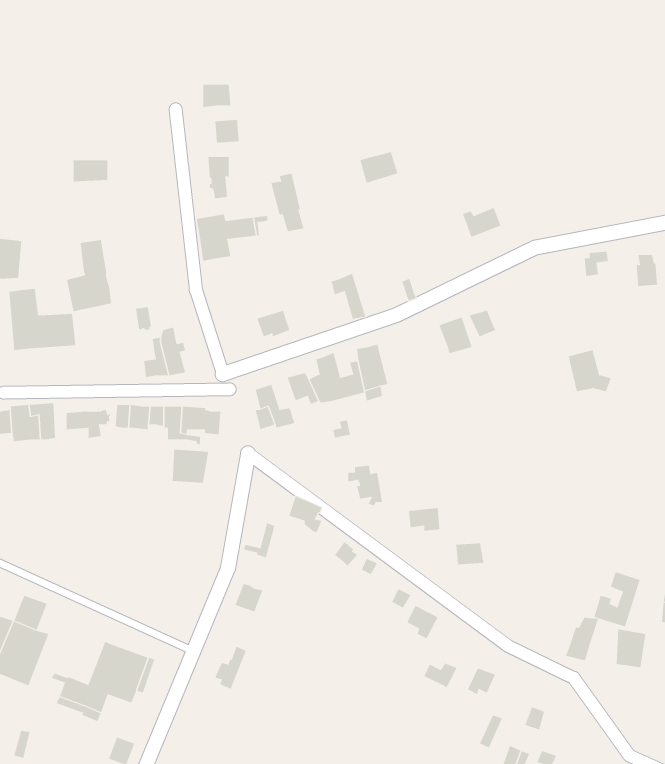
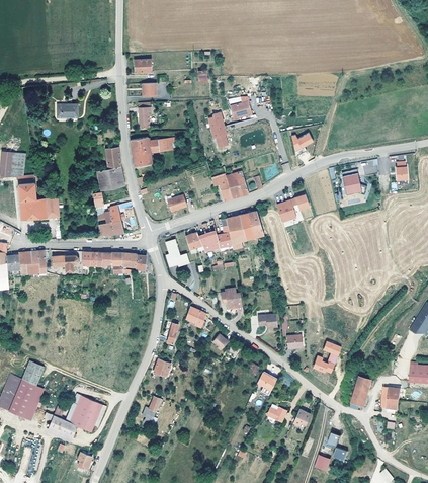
building: [270,173,304,232] -> [207,112,228,148]
building: [66,239,112,312] -> [96,147,123,190]
building: none -> [225,171,247,198]
building: none -> [239,211,263,239]
building: [568,350,612,392] -> [340,168,366,193]
building: [172,449,209,483] -> none
building: [593,572,641,627] -> [312,341,340,375]

